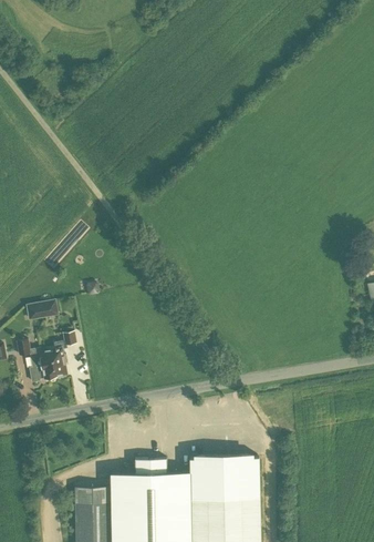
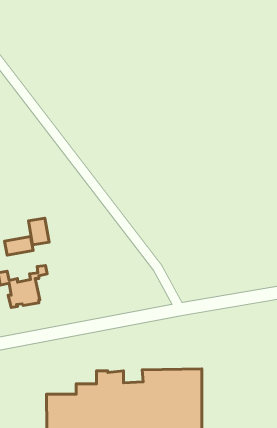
building: none -> [28,218,49,245]

